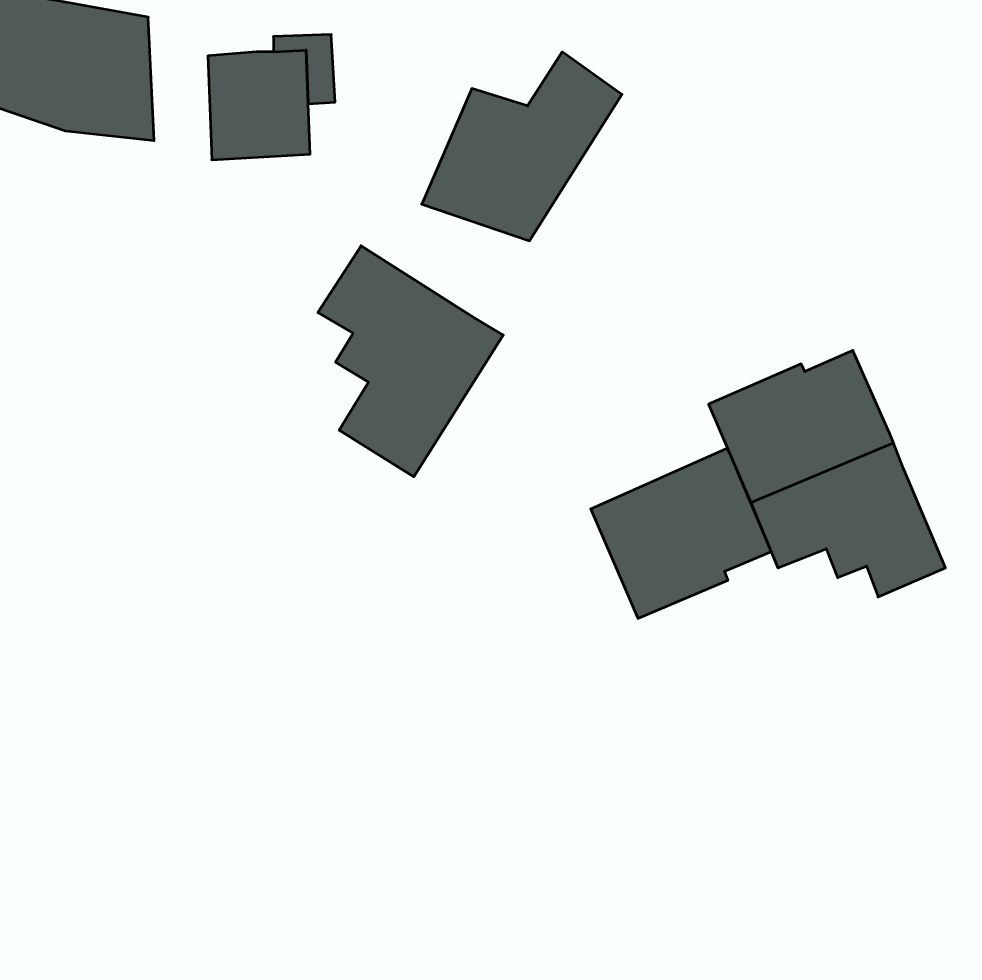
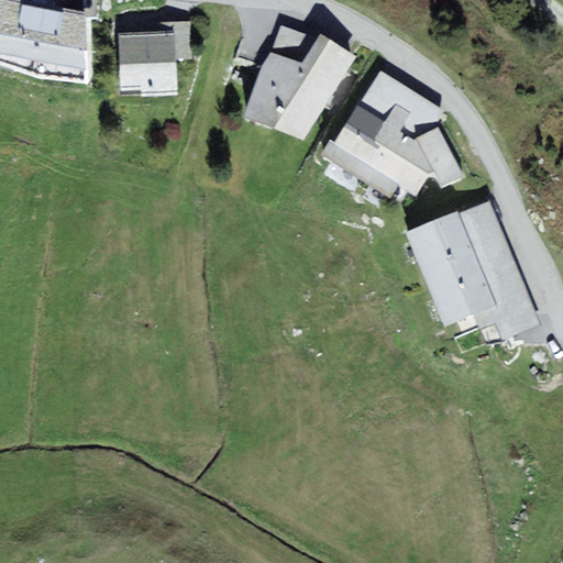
building: none -> [319,69,463,197]
building: [318,246,503,477] -> none
building: [591,448,771,618] -> none

